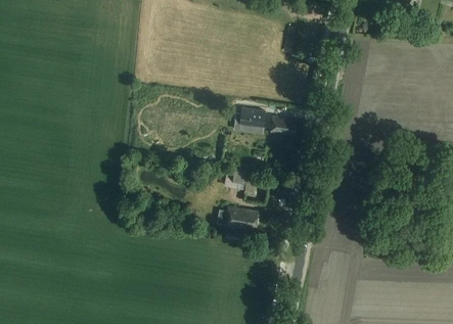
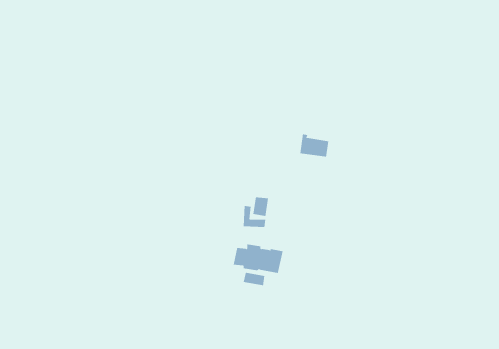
building: [235,108,266,131] -> none

